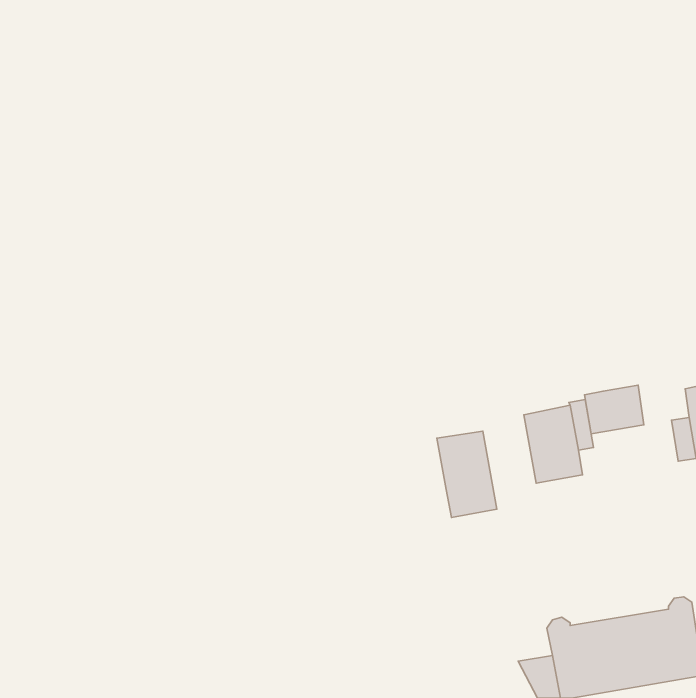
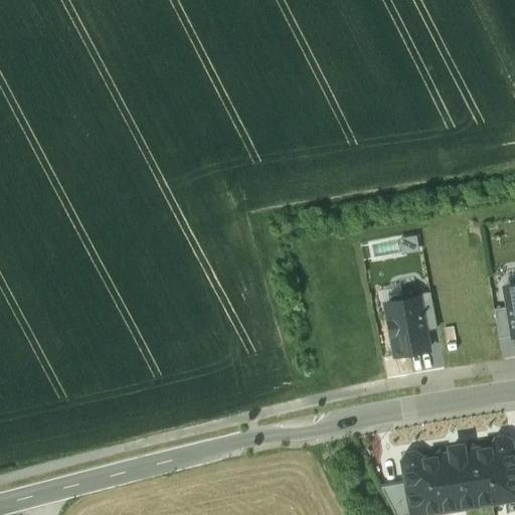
building: [584,385,644,434] -> none
building: [437,431,497,518] -> none

